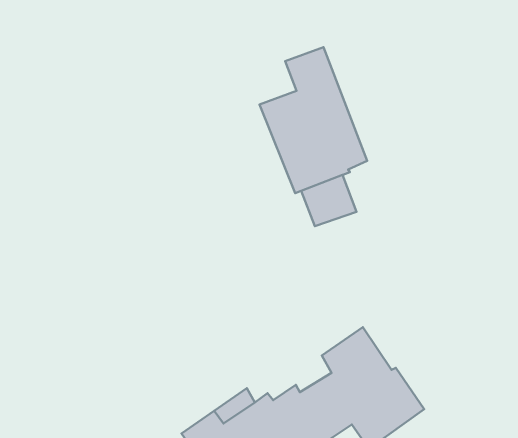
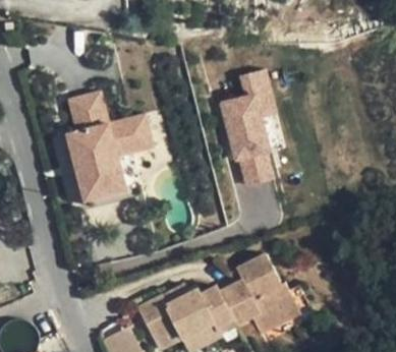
building: none -> [66,92,155,201]

